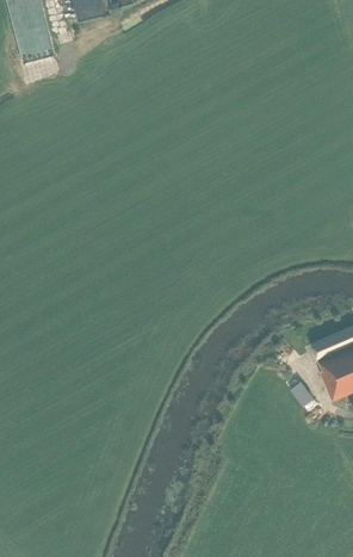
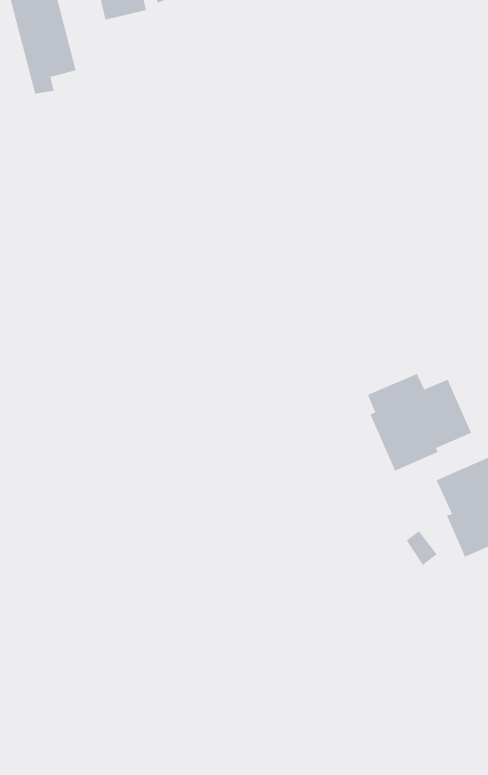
building: none -> [367,373,472,471]

